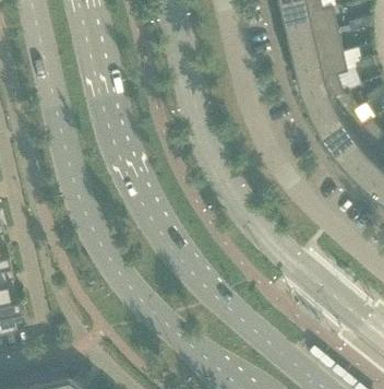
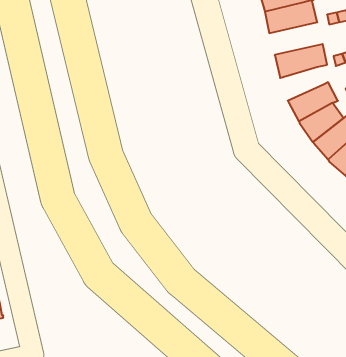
building: [290,30,344,62] -> none
building: [301,74,345,108] -> none

